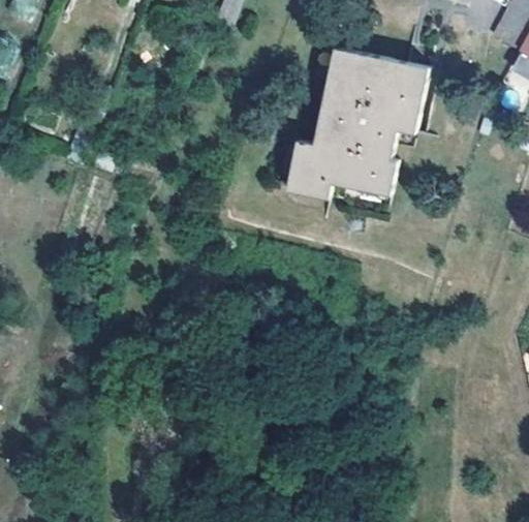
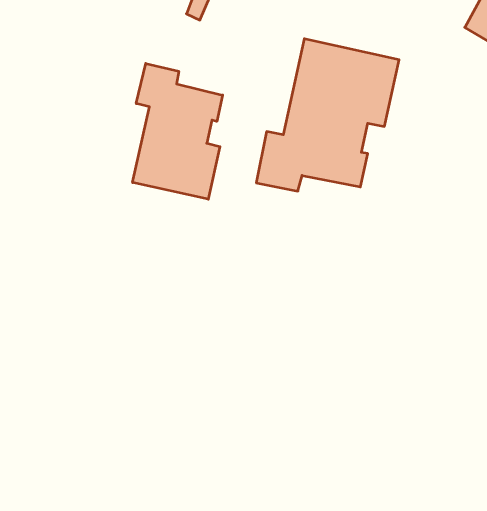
building: none -> [133,63,223,199]

